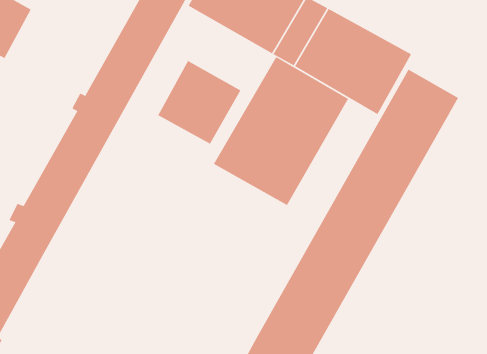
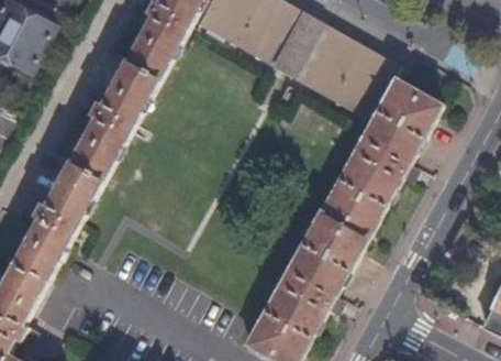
building: [213,56,349,206] -> none
building: [157,60,241,145] -> none

